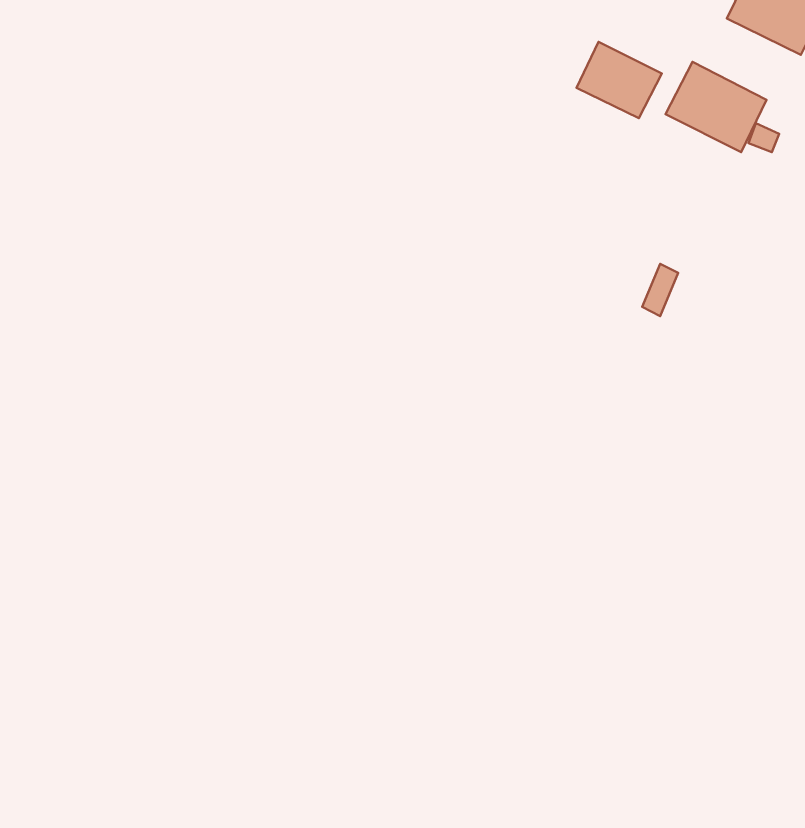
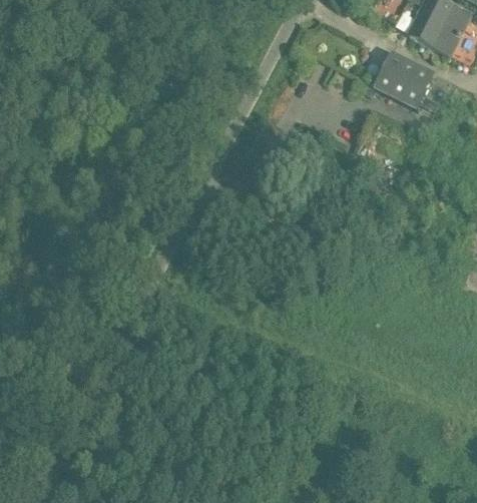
building: [576,42,662,118] -> none

